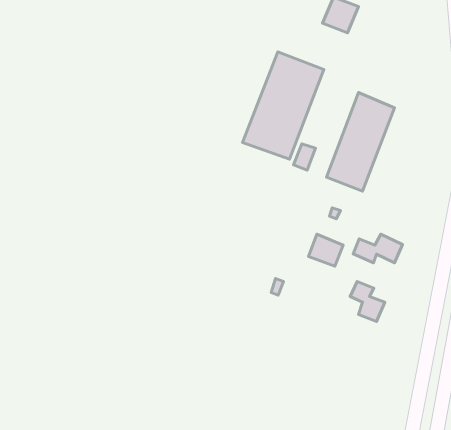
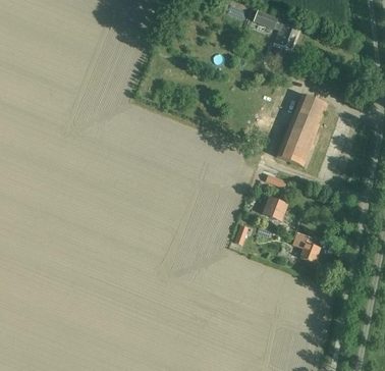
building: [242,52,324,159] -> none
building: [353,234,402,263] -> none

